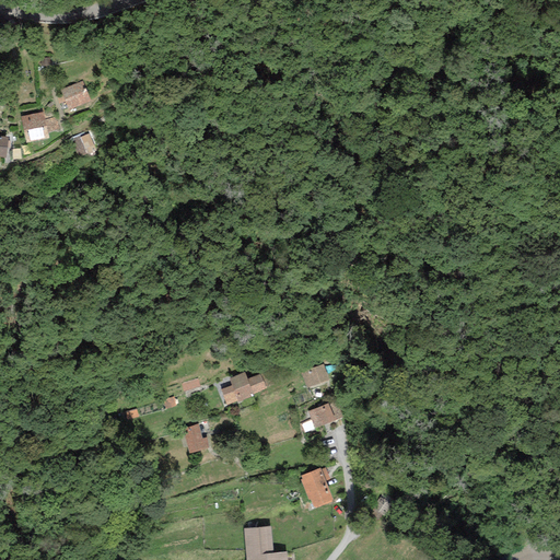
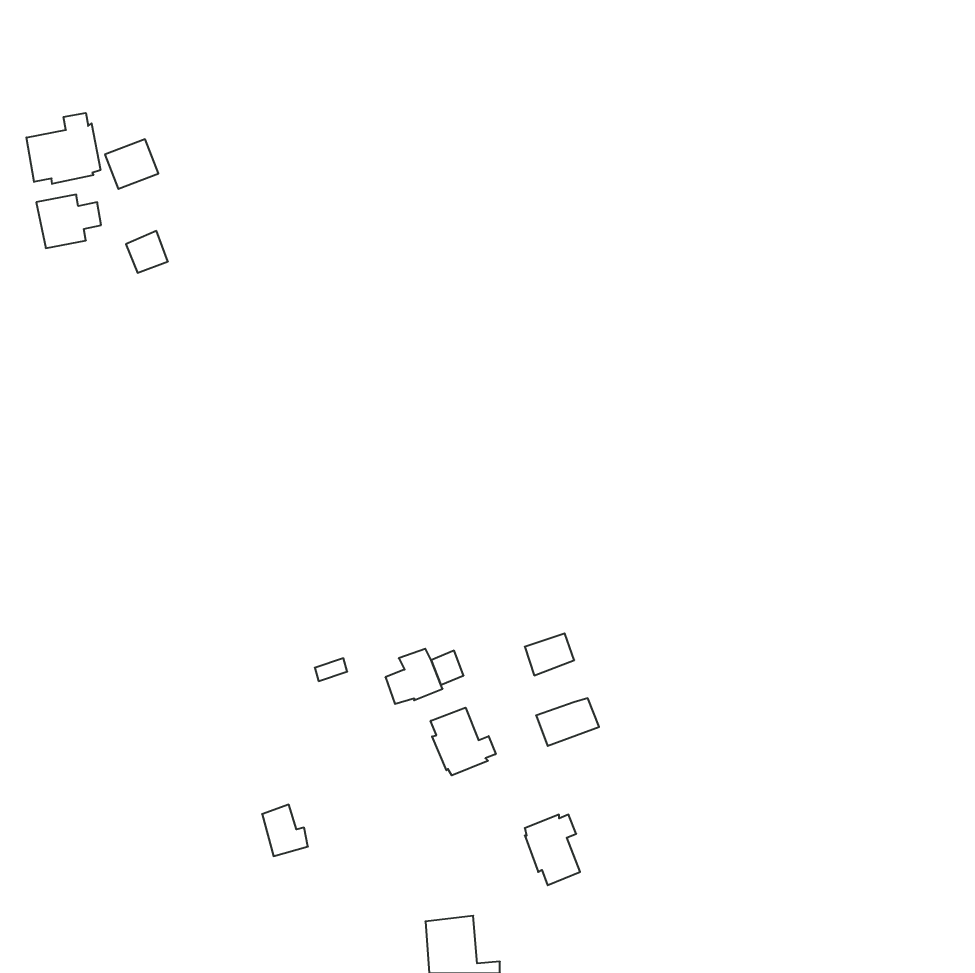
building: none -> [26,113,100,184]
building: none -> [431,708,496,775]
building: [183,423,209,453] -> [262,805,308,856]

